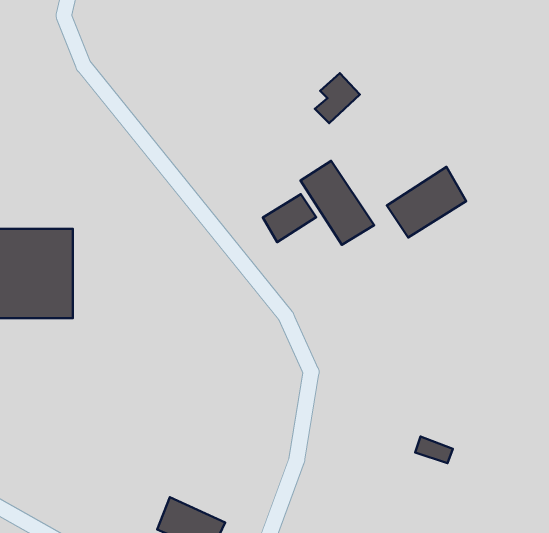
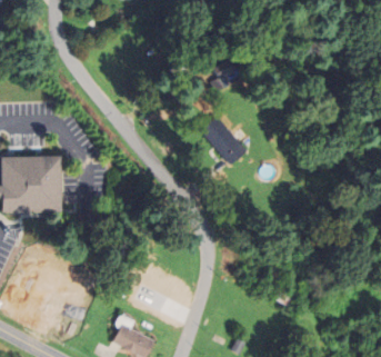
building: [387,167,466,237] -> none
building: [263,194,316,242] -> none

